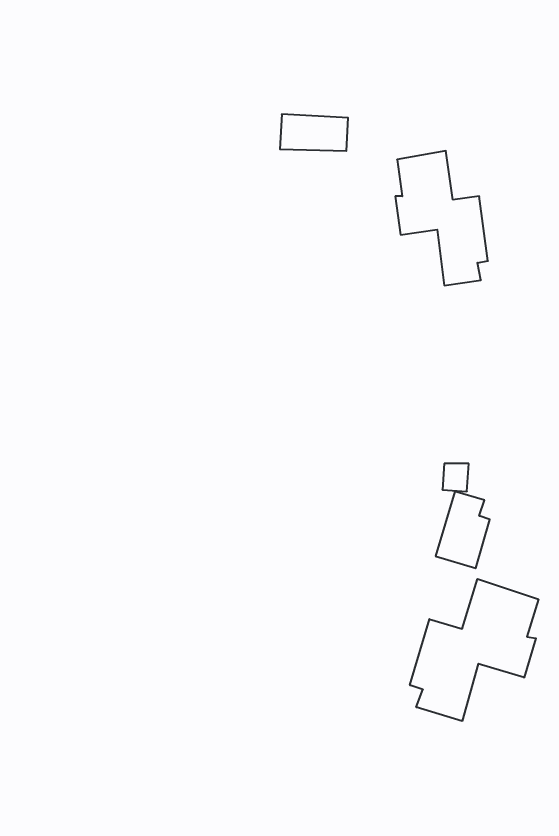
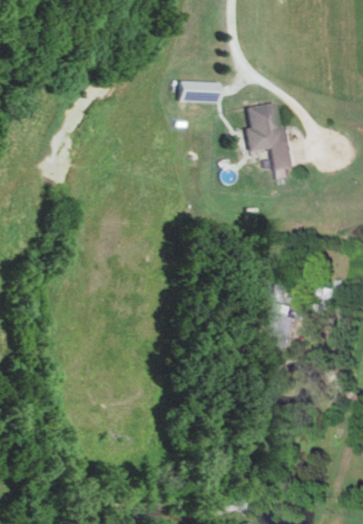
building: [410,579,538,721] -> none

